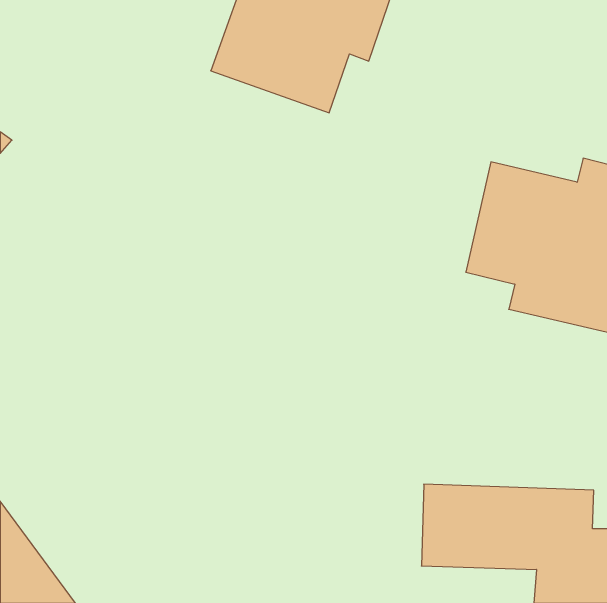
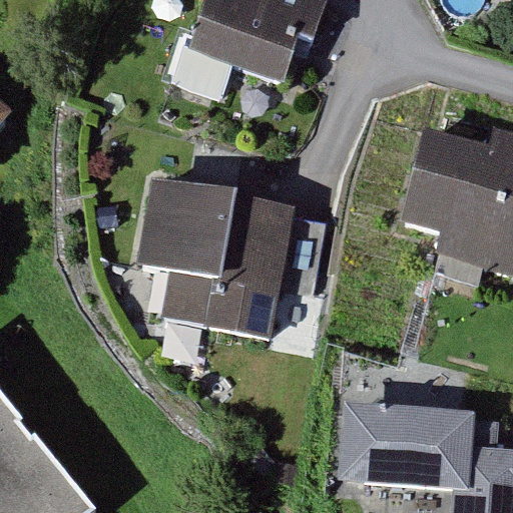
building: none -> [131,180,298,324]

